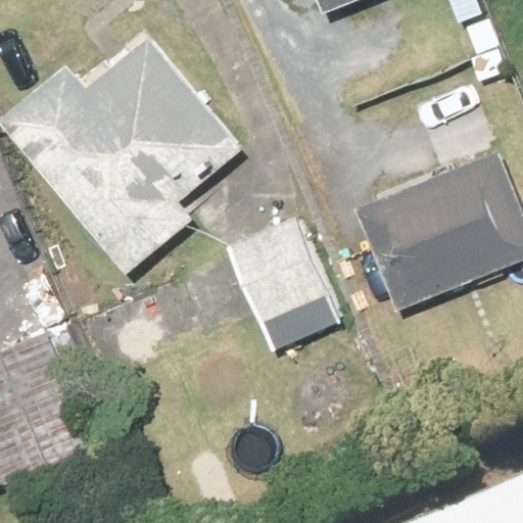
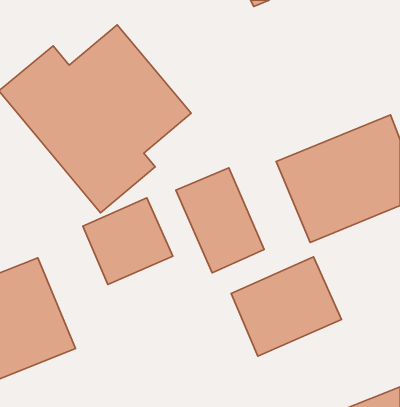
building: none -> [83,198,173,284]
building: none -> [231,257,342,356]

